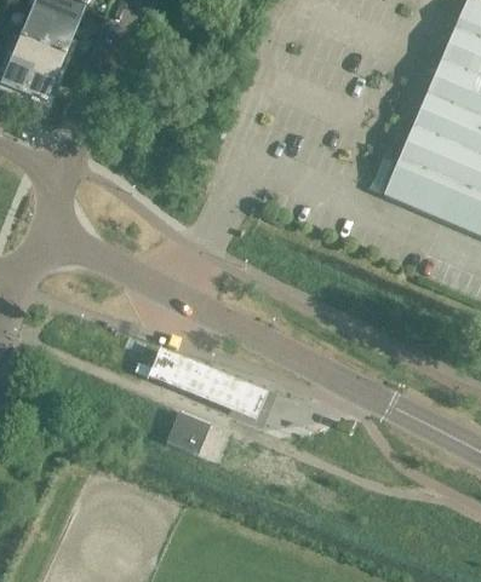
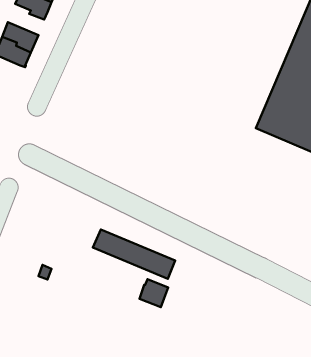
building: [18,11,71,57] -> none
building: [166,411,208,453] -> [139,279,168,307]

